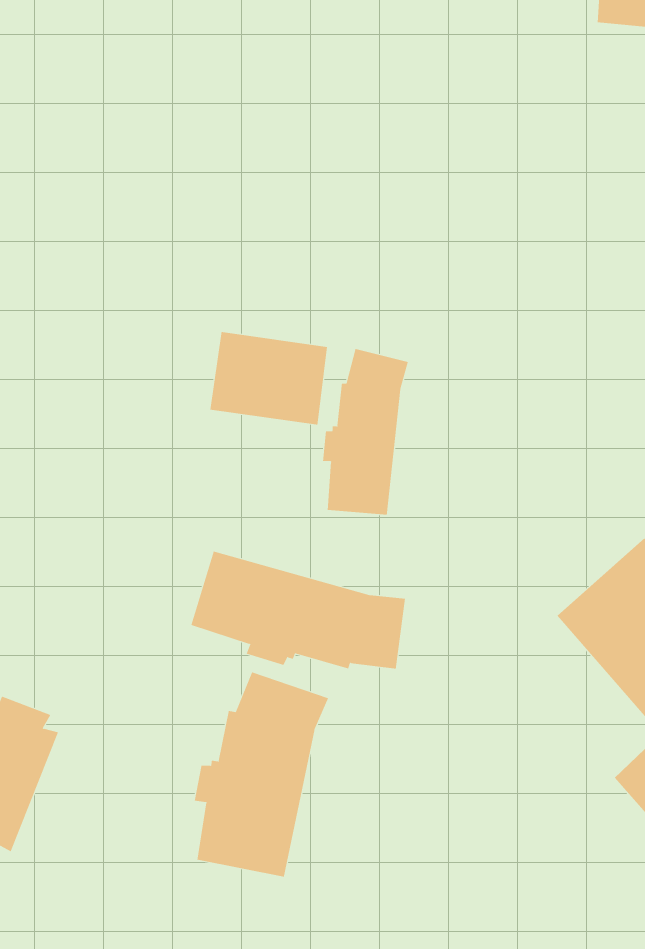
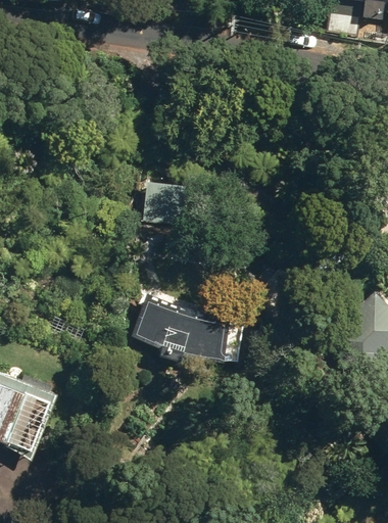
building: [323,348,409,515] -> none
building: [194,671,329,878] -> none

